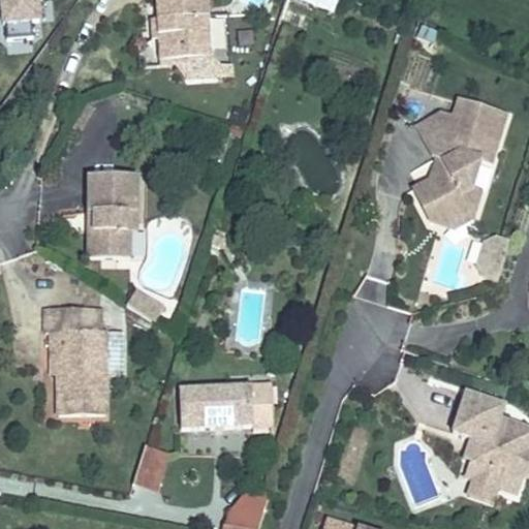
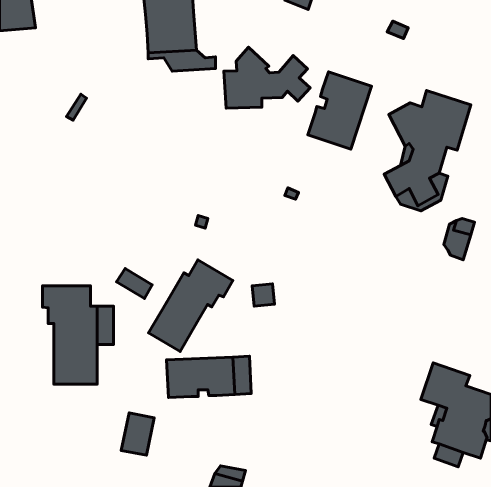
building: none -> [224,47,310,108]
building: none -> [308,72,371,149]
building: [87,173,136,255] -> none
building: none -> [149,260,233,351]

